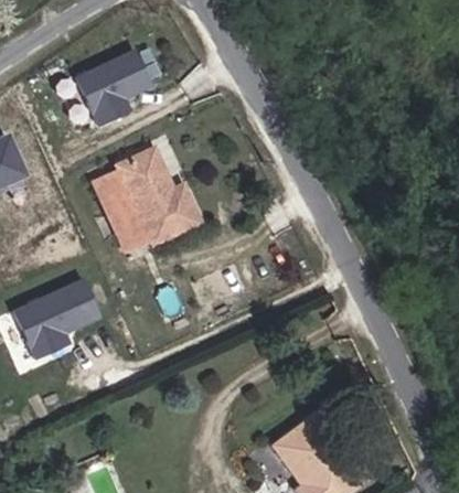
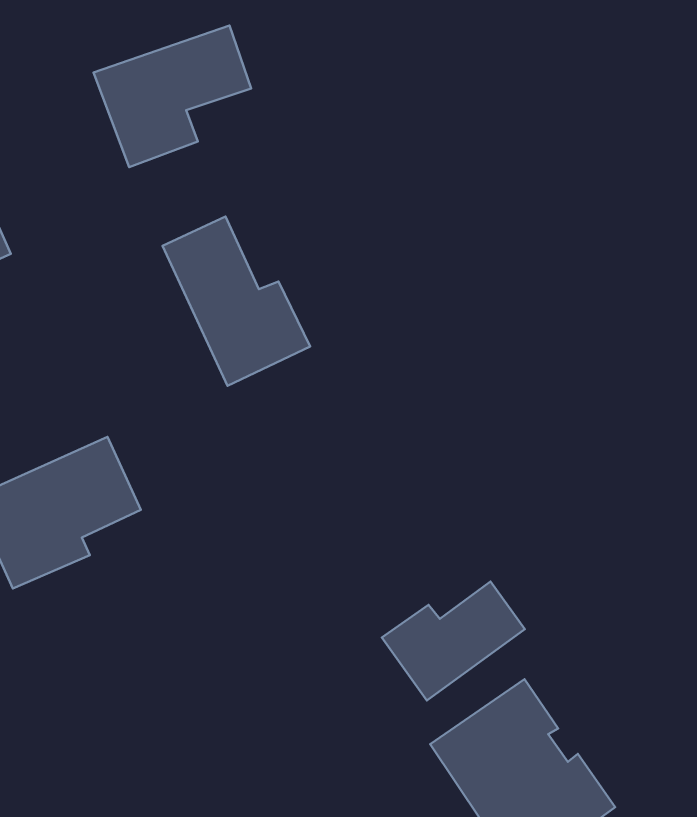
building: [88,169,152,259] -> none
building: none -> [382,582,525,701]

